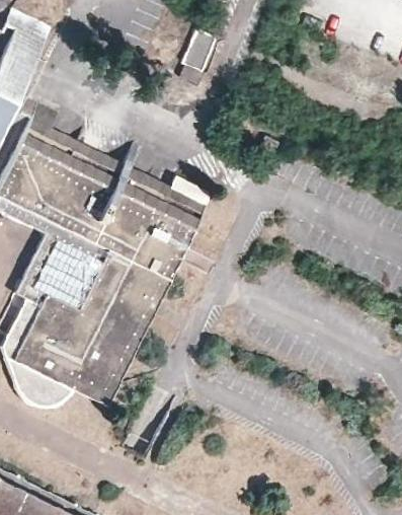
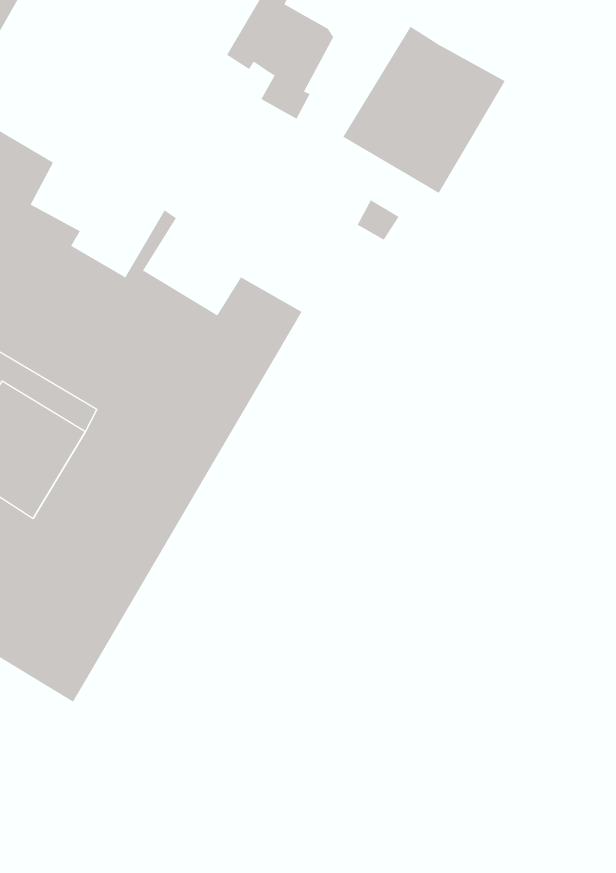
building: none -> [343,26,505,194]

